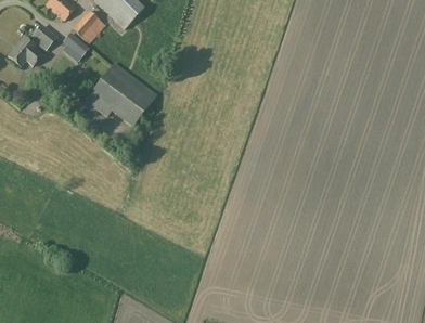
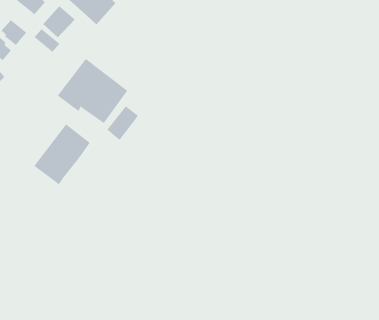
building: none -> [107,106,139,141]
building: none -> [34,124,90,185]

